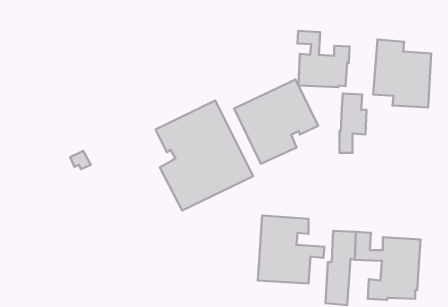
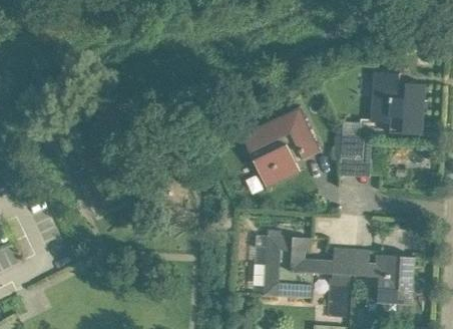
building: [298,31,350,87] -> none
building: [155,100,253,211] -> none

